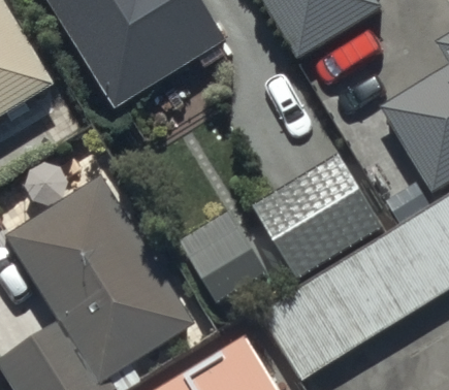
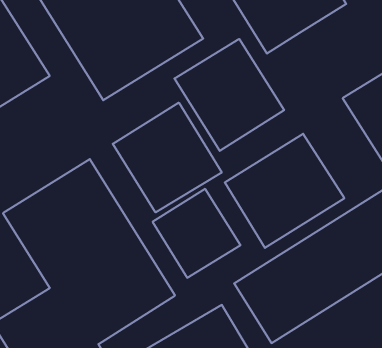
building: none -> [174,39,284,151]
building: none -> [113,103,222,212]

